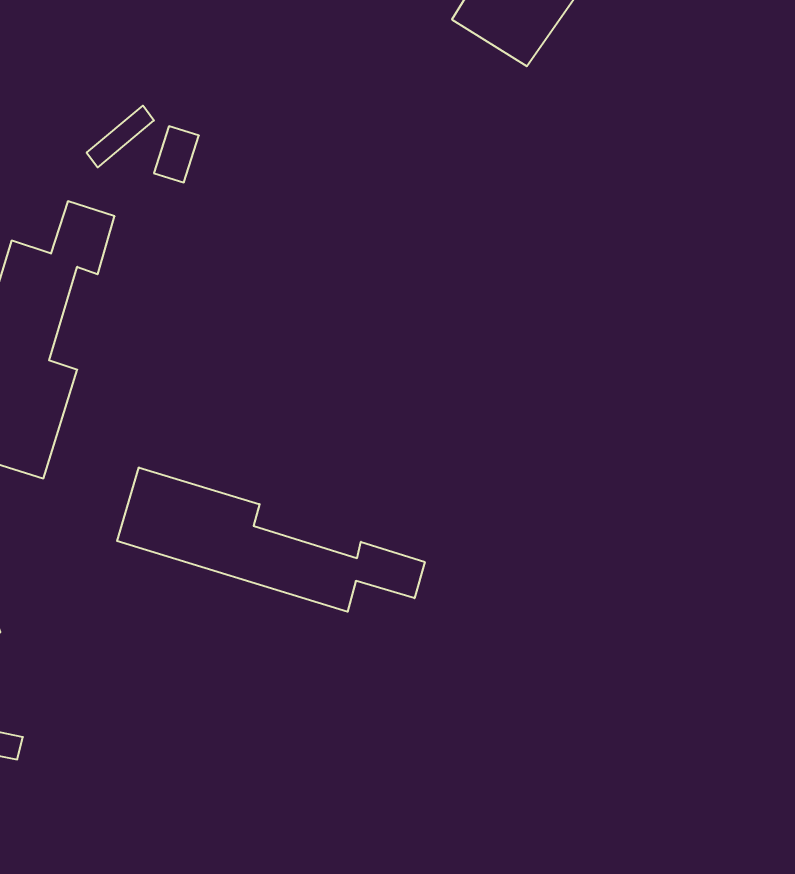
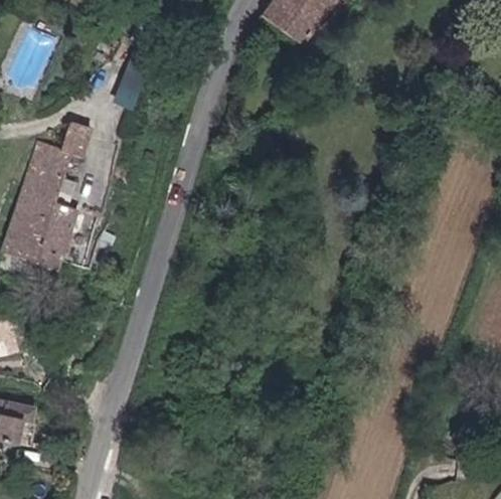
building: [117,467,425,612] -> none

